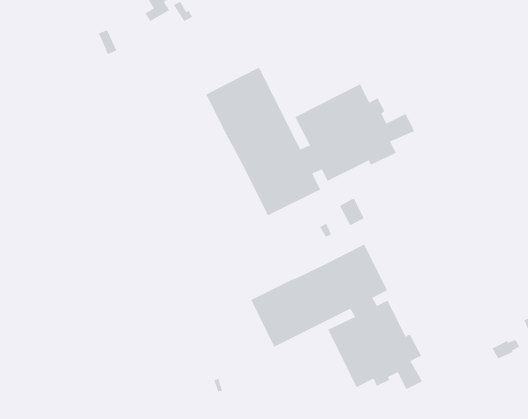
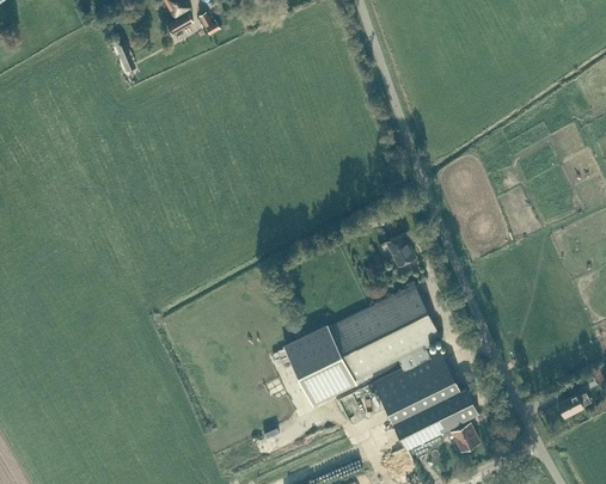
building: [206,67,415,216] -> none

